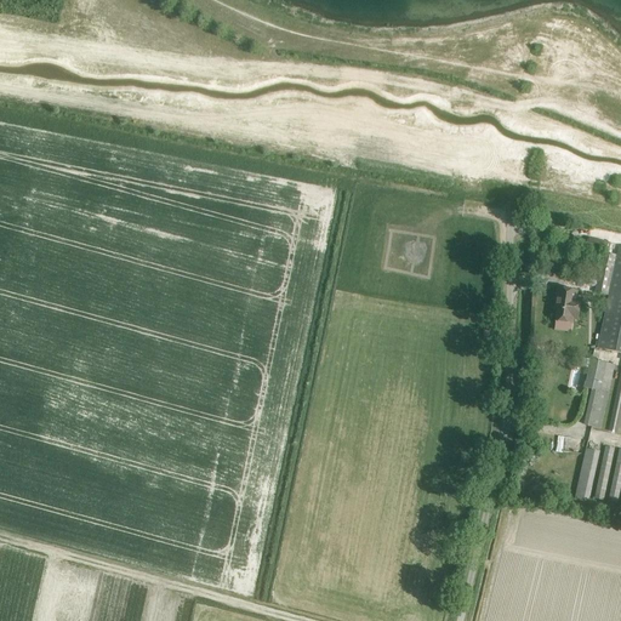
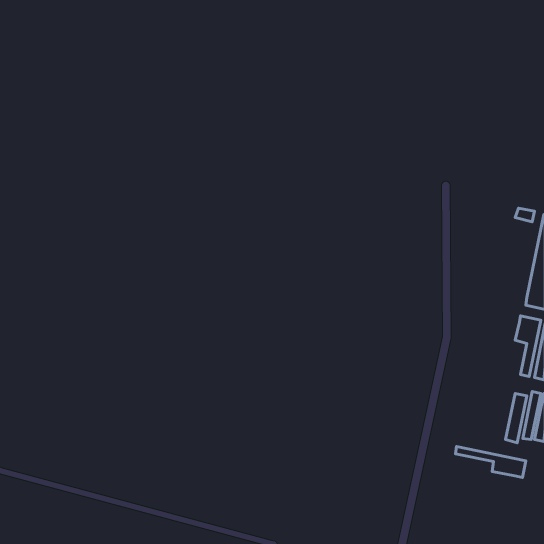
building: [557,287,582,325] -> none
building: none -> [455,447,526,478]

